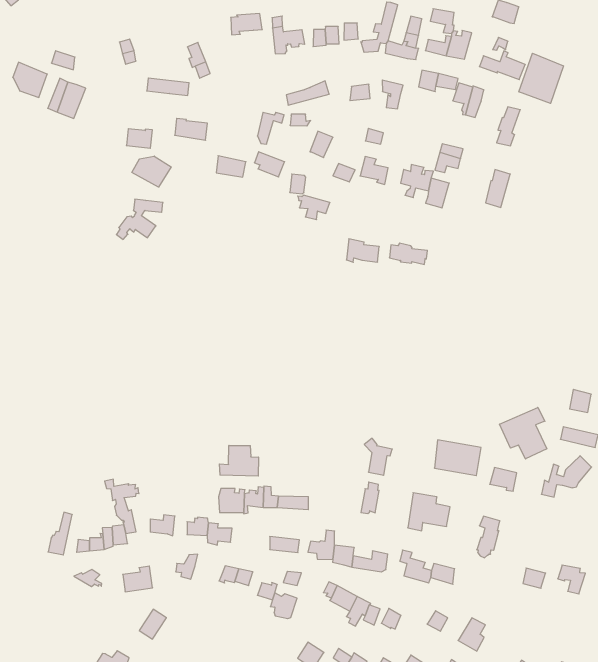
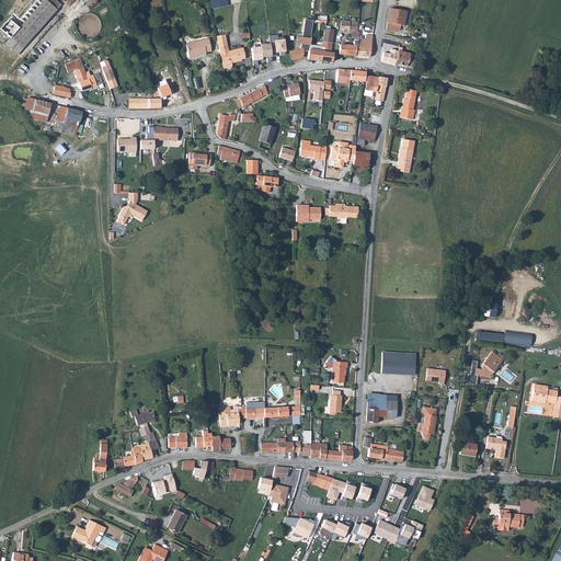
building: none -> [65,58,102,92]
building: [519,53,564,103] -> none
building: [132,156,171,187] -> none
building: [500,407,547,459] -> none
building: [220,445,258,476] -> none
building: none -> [69,517,101,541]

